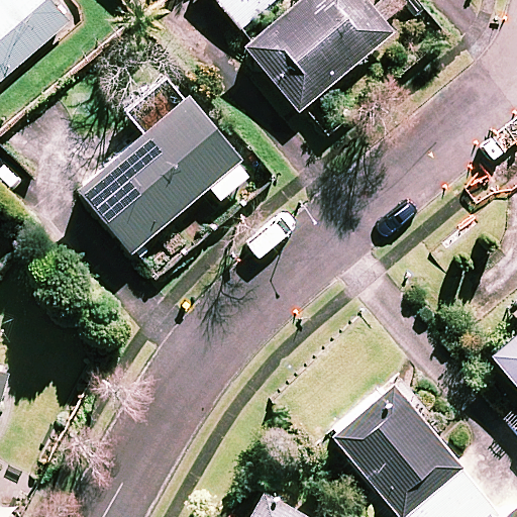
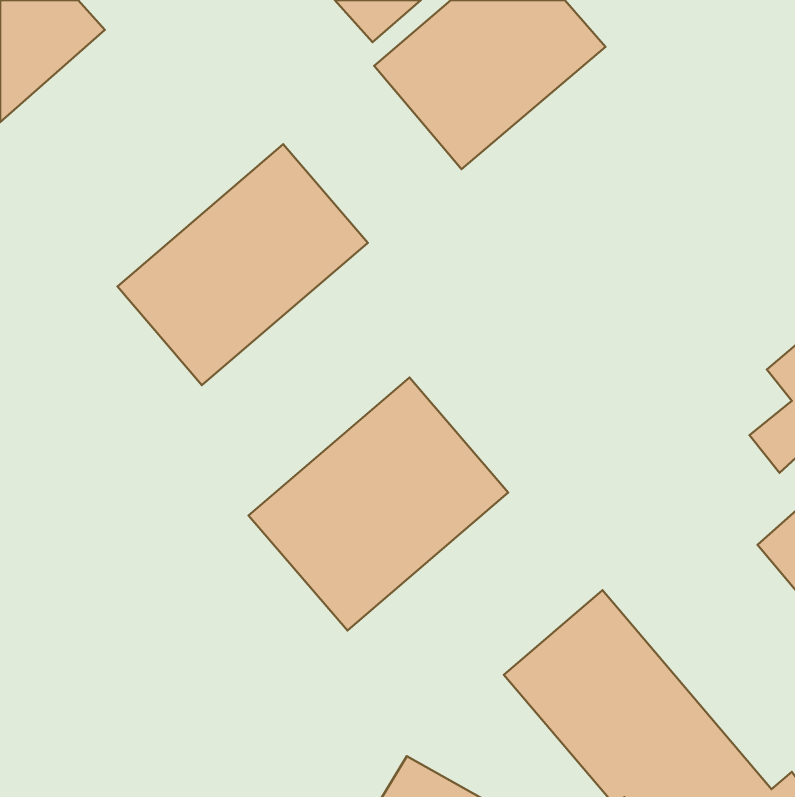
building: none -> [249,377,508,631]

